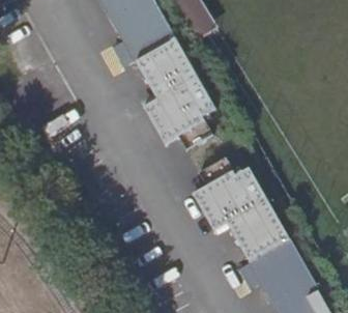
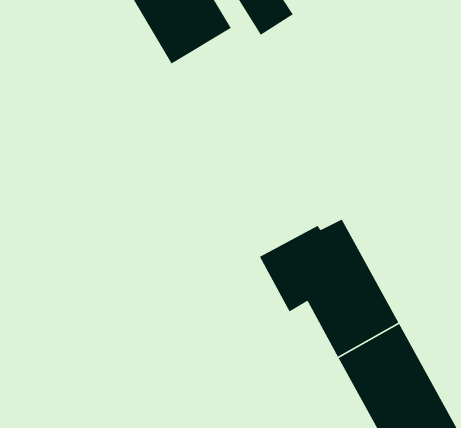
building: [135,34,213,141] -> none

